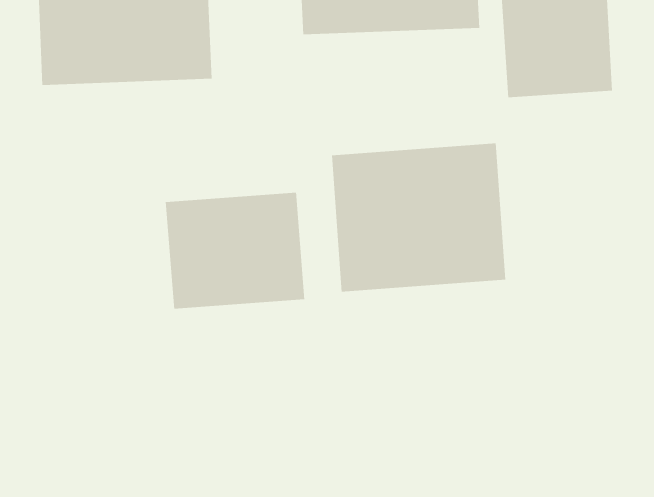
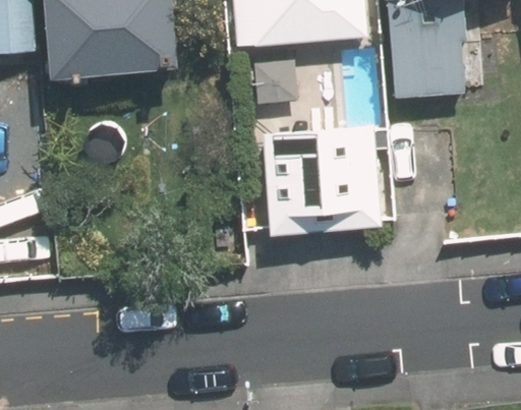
building: [165,192,305,310] -> none

